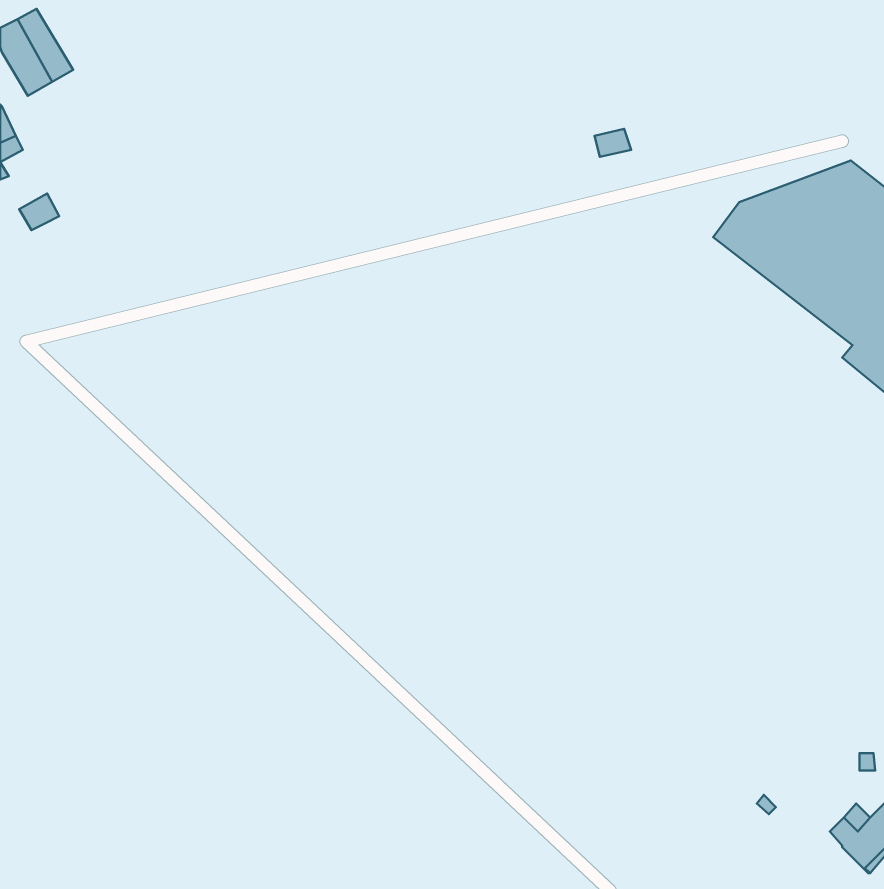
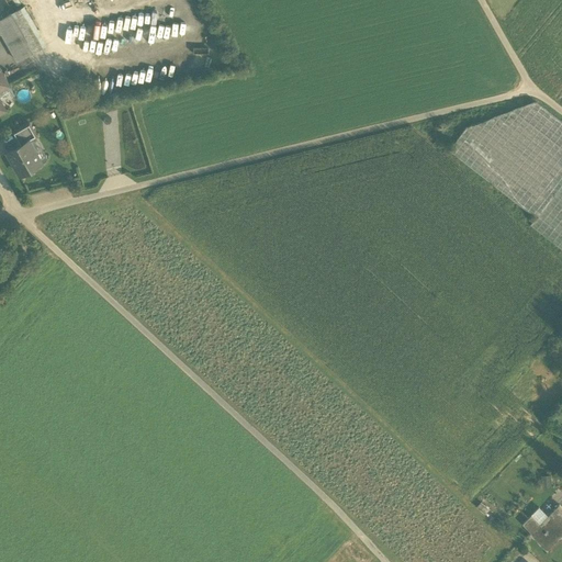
building: none -> [12,142,45,176]

